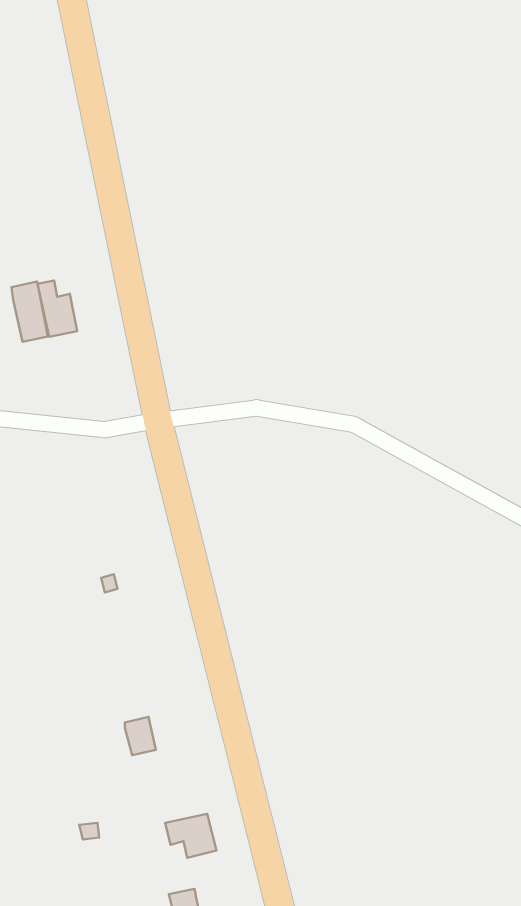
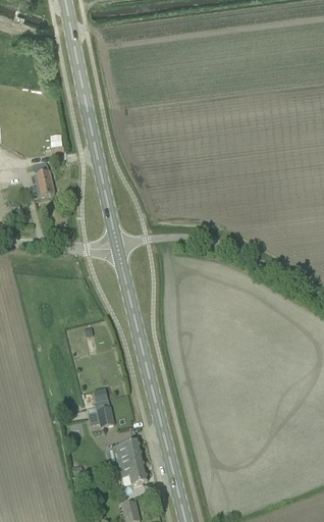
building: [37,280,77,337] -> none
building: none -> [114,437,142,463]

